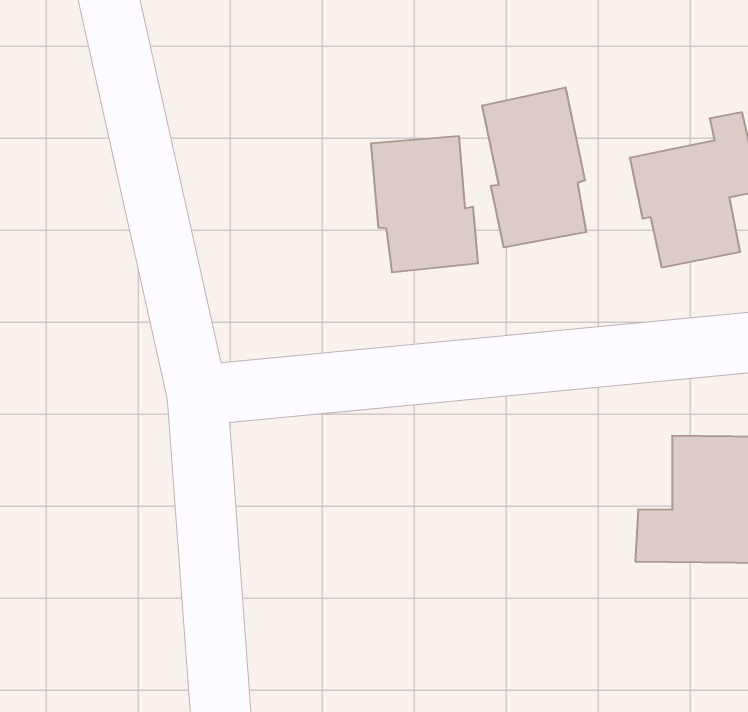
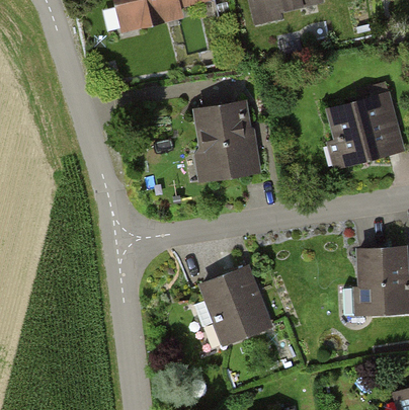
building: [482,87,586,247] -> none
building: none -> [195,268,269,344]

